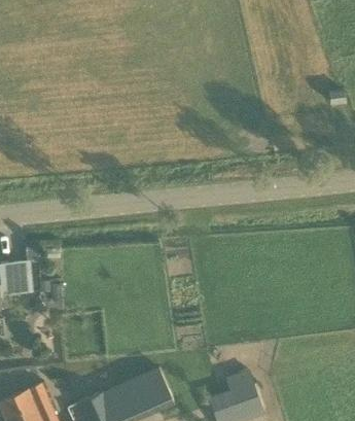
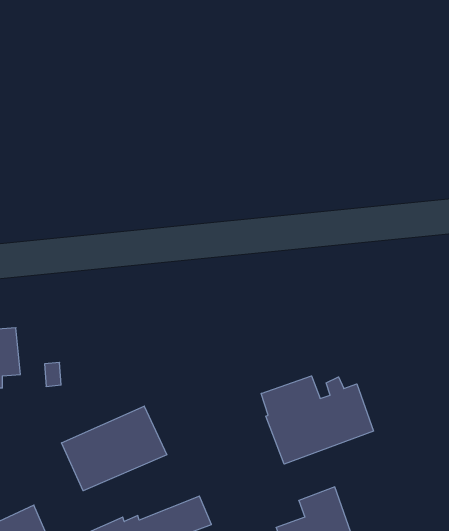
building: none -> [261,376,373,464]
building: none -> [62,406,167,491]

